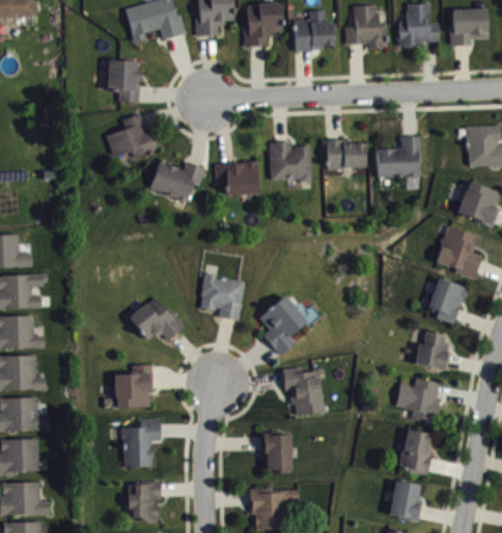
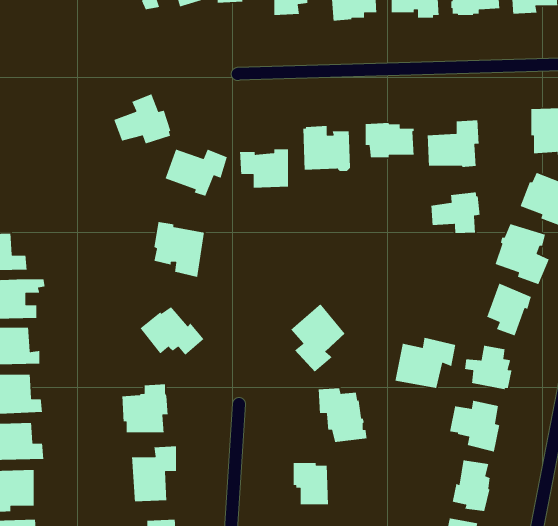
building: [107,60,140,101] -> none
building: none -> [431,192,480,234]
building: [200,272,244,321] -> [154,221,205,278]
building: none -> [394,337,456,389]

